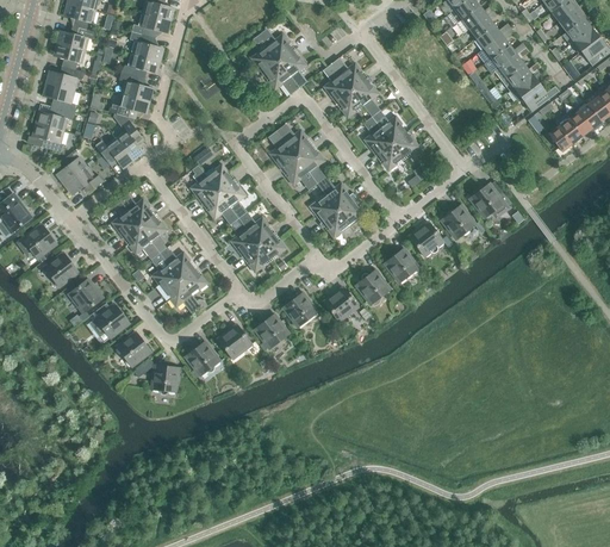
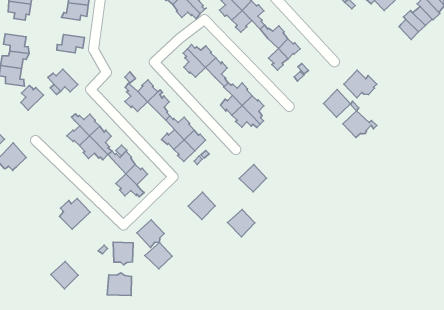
building: [48,67,85,92] -> none
building: [119,73,151,101] -> none
building: [363,117,392,155] -> none
building: [116,122,143,160] -> none
building: [282,157,317,189] -> none
building: [66,168,105,195] -> none
building: [204,192,238,224] -> none
building: [409,223,452,256] -> [343,111,377,137]
building: [384,249,418,284] -> none
building: [44,253,77,287] -> none
building: [151,253,180,291] -> none
building: [355,271,390,305] -> none
building: [68,279,102,322] -> none
building: [282,293,317,328] -> [228,209,255,237]
building: [217,325,251,359] -> [145,243,172,269]
building: [116,332,150,367] -> [51,261,78,289]
building: none -> [107,273,132,295]

